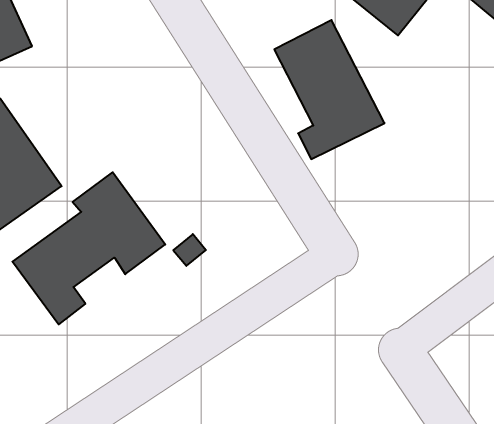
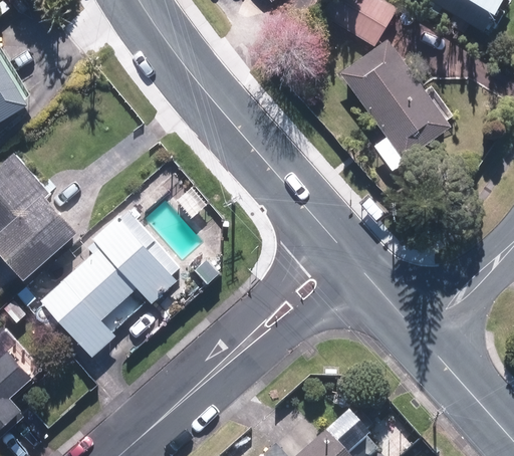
building: [274,20,385,159] -> [340,37,451,168]

